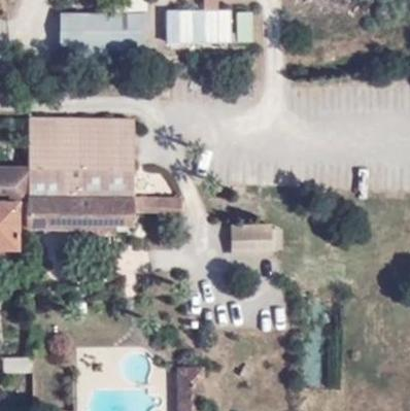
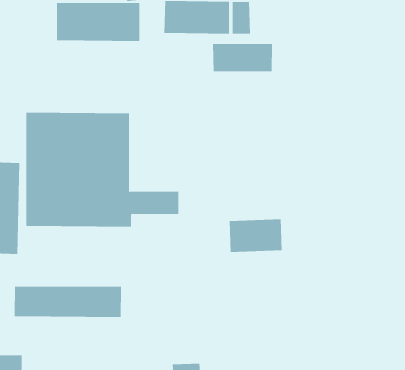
building: none -> [213,43,273,72]
building: none -> [14,286,122,318]

